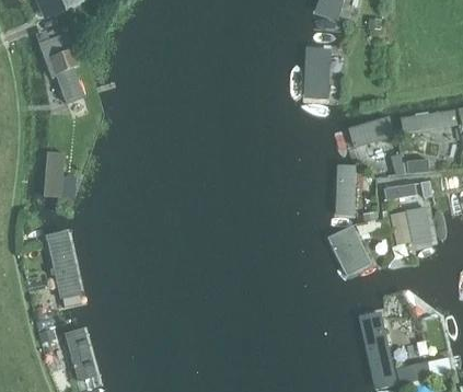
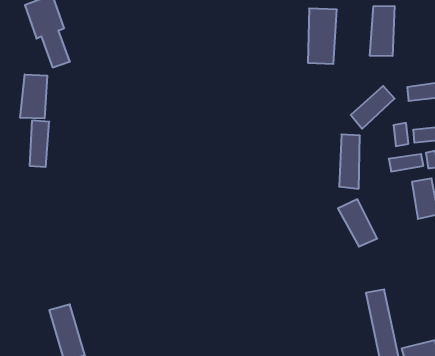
building: none -> [370,6,394,56]
building: none -> [20,74,47,118]
building: [42,227,79,295] -> none

